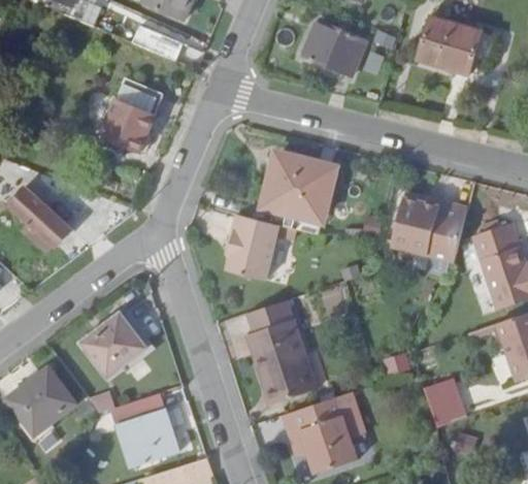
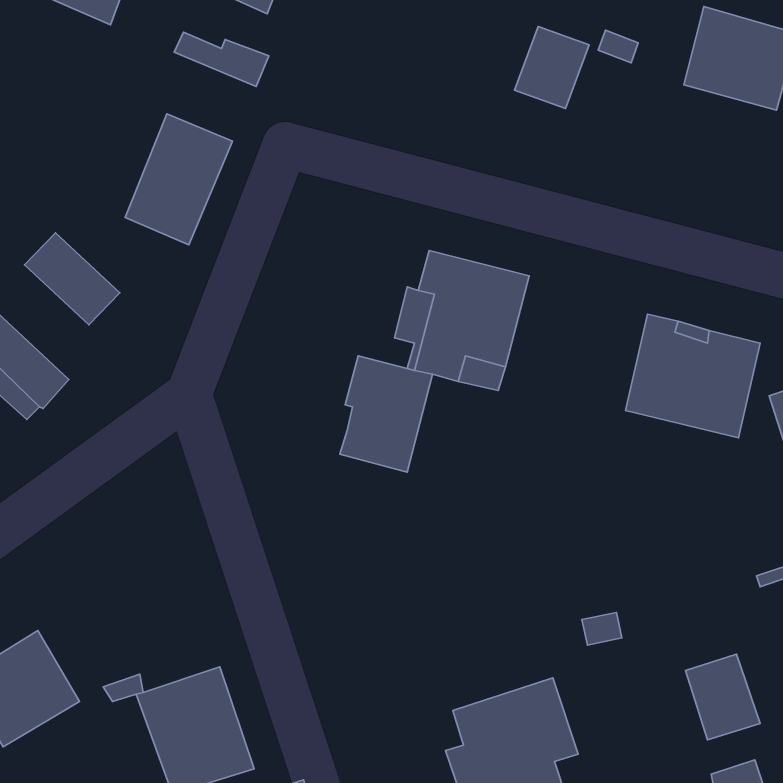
building: [309,18,343,62] -> none
building: none -> [25,233,120,325]
building: [248,304,318,409] -> none
building: [89,312,153,374] -> none

